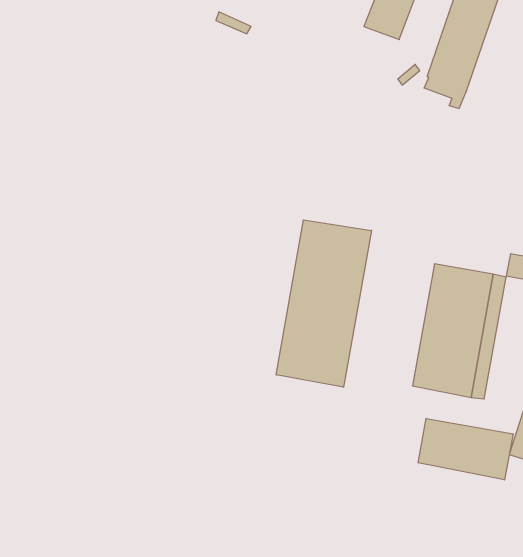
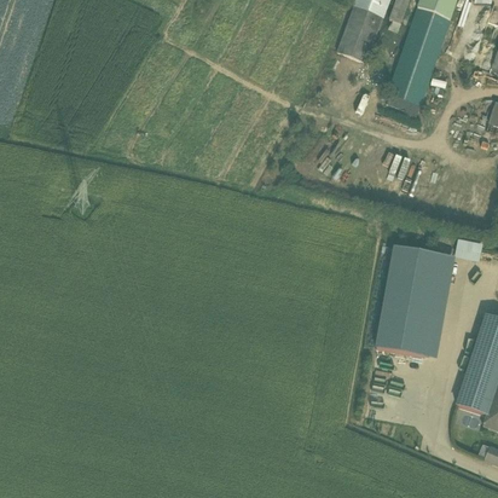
building: [276,220,371,387] -> none
building: [418,418,513,480] -> none

